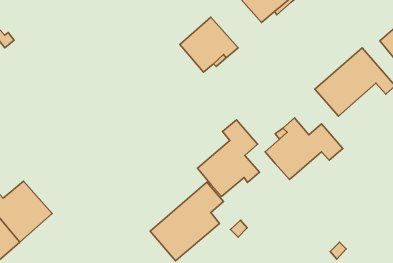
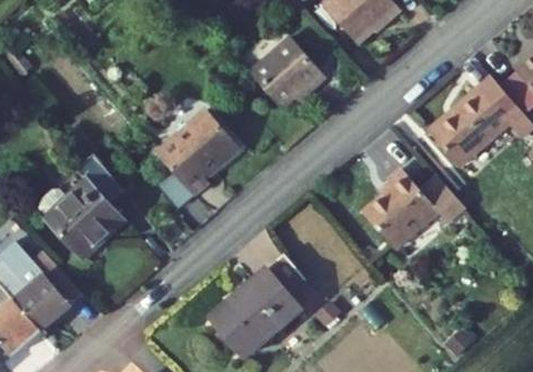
building: none -> [155,109,240,195]
building: none -> [38,153,122,258]
building: [197,120,259,197] -> none

